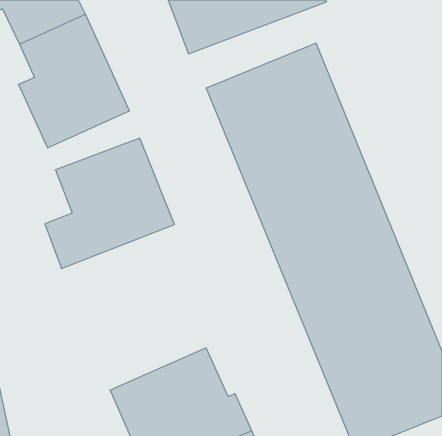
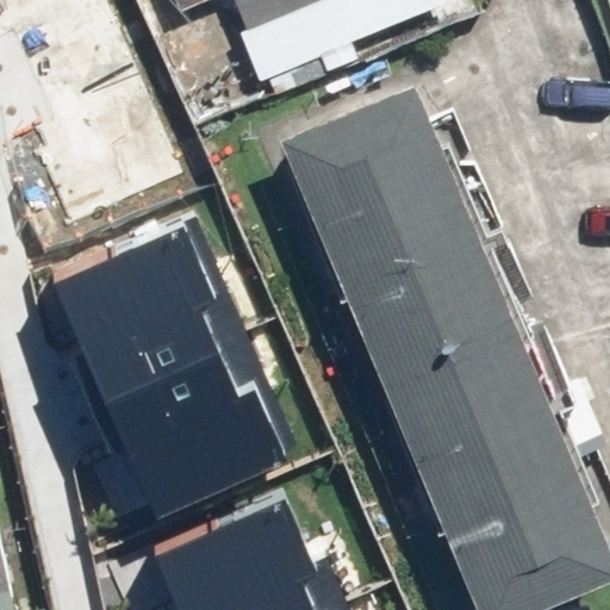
building: none -> [83,323,282,486]

